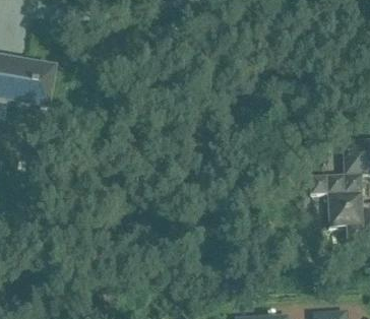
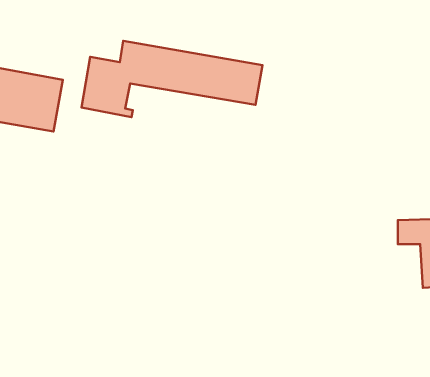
building: none -> [81,41,262,117]

